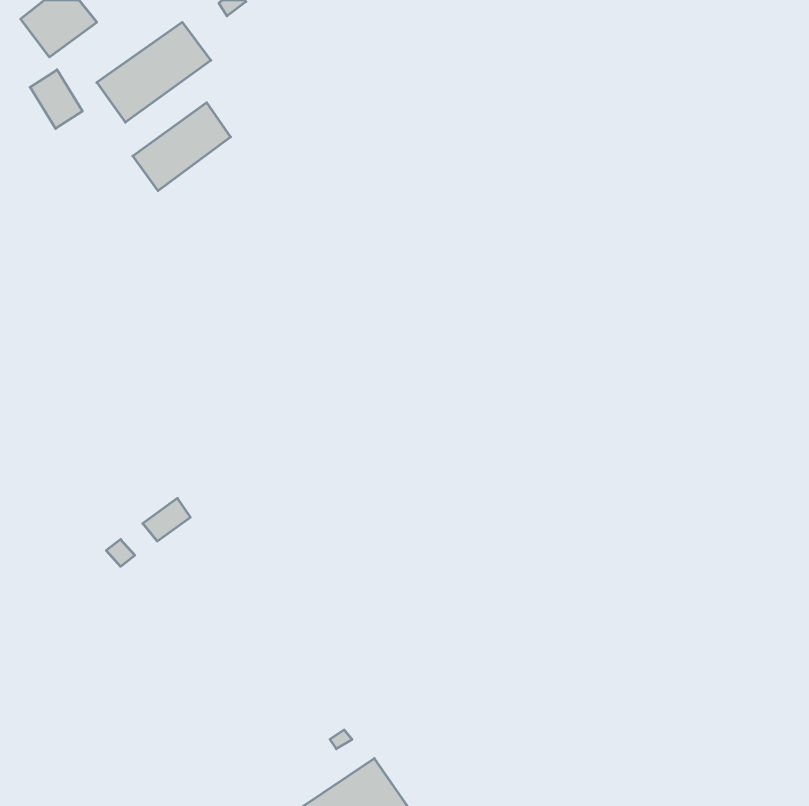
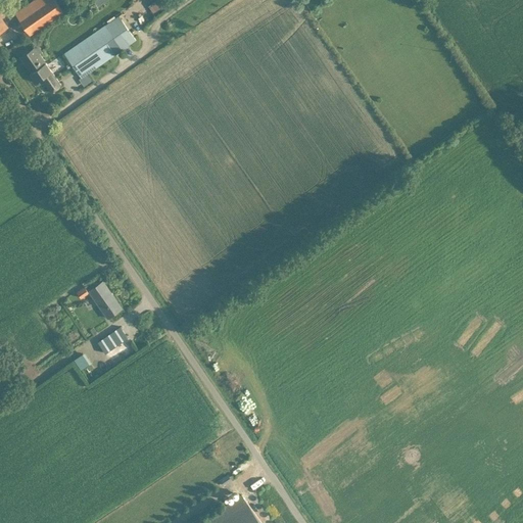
building: [133,103,231,191] -> none
building: none -> [87,282,122,320]

